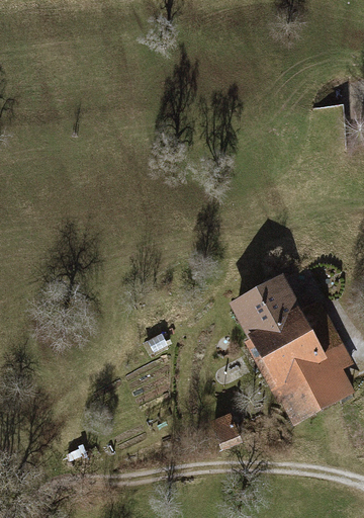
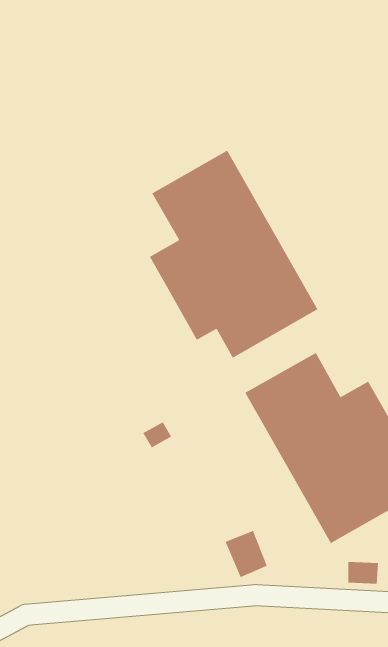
building: none -> [149,149,319,359]

